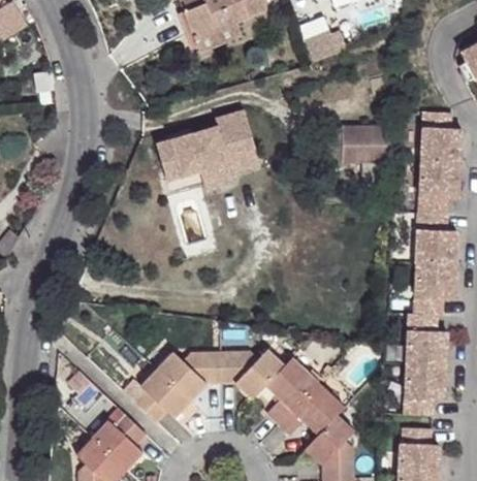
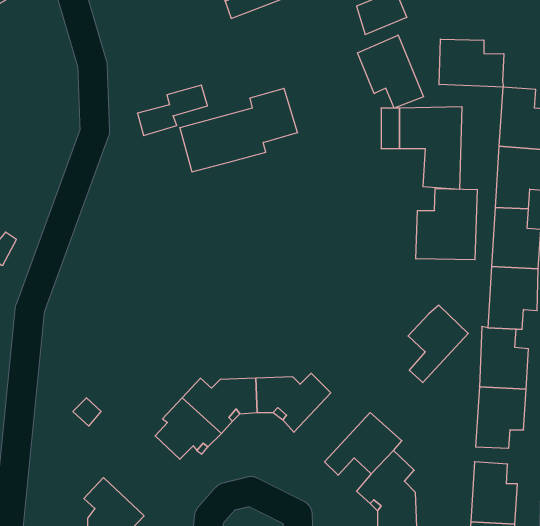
building: none -> [357,35,424,108]
building: none -> [439,39,504,87]
building: [200,147,259,189] -> [137,85,207,135]
building: none -> [416,189,477,260]
building: [264,358,315,423] -> [408,305,468,383]
building: [91,408,145,469] -> none

